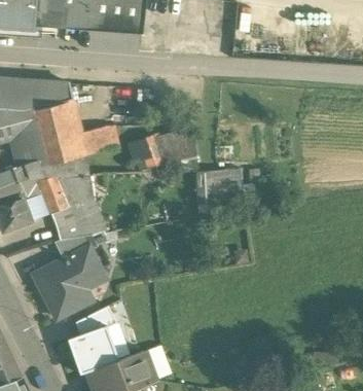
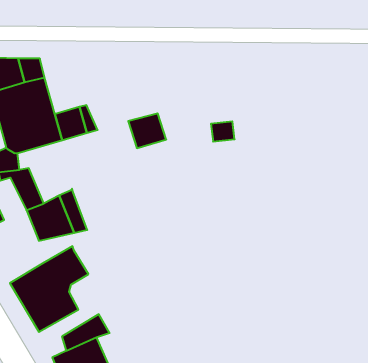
building: [195,171,242,205] -> none
building: [55,176,90,209] -> none
building: [53,236,97,260] -> none

